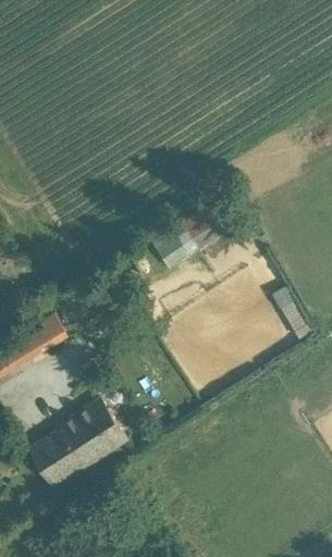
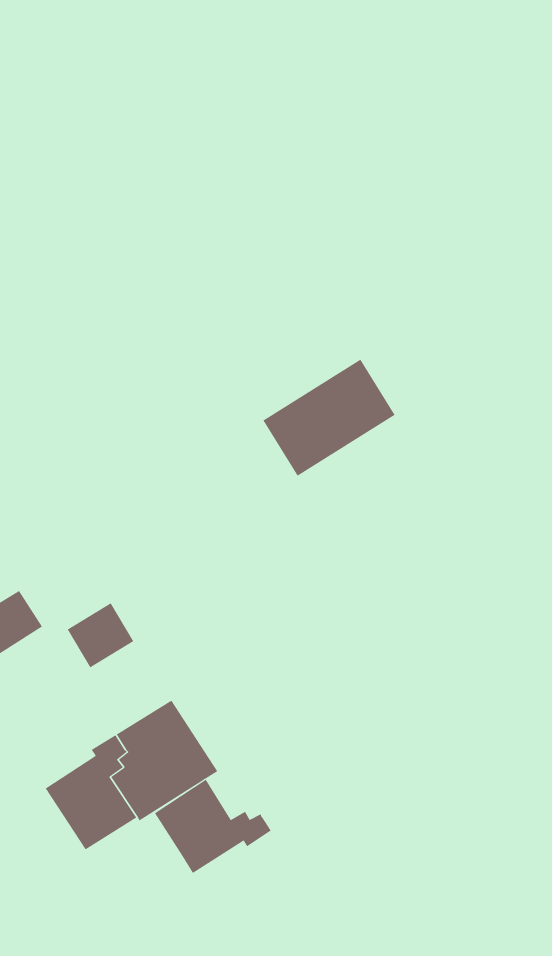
building: [29,314,67,351] -> [67,603,134,668]
building: none -> [154,779,272,874]

